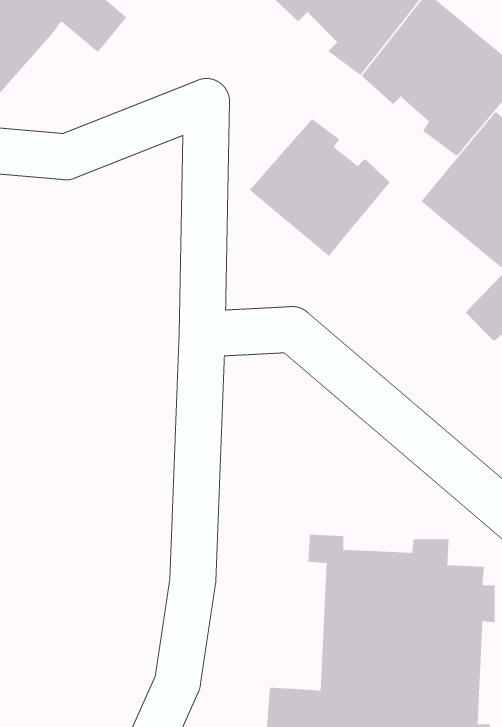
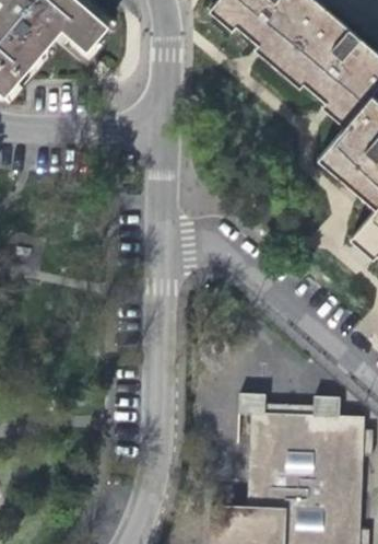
building: [249,118,391,257] -> none

